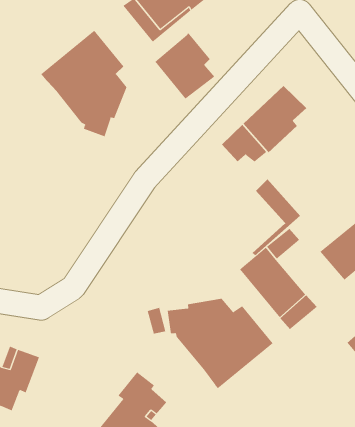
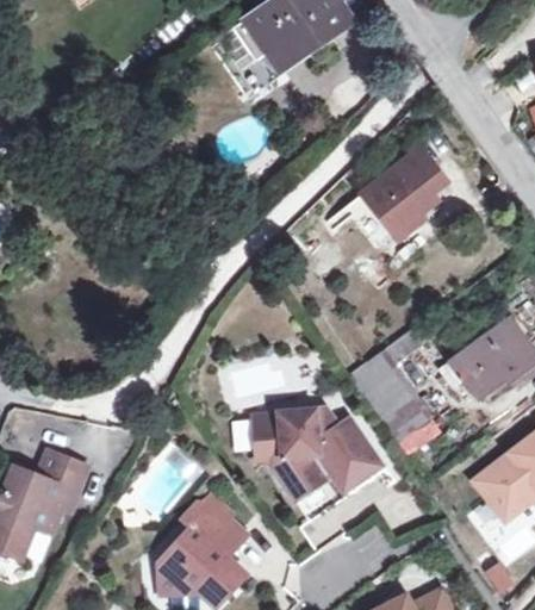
building: [40,30,127,137] -> none
building: [155,32,215,100] -> none
building: [252,178,301,256] -> none

